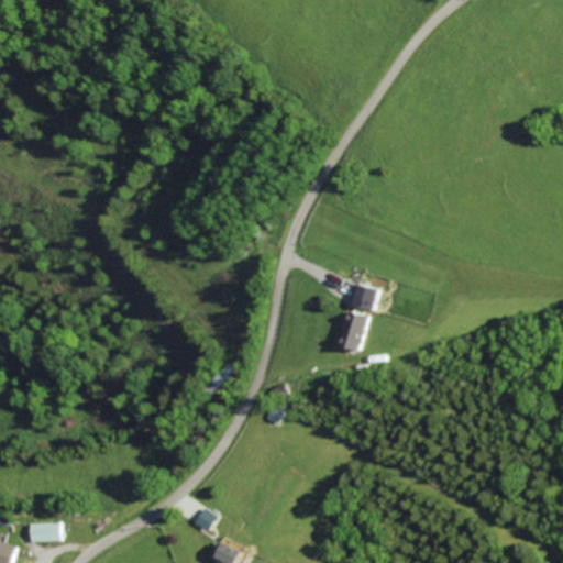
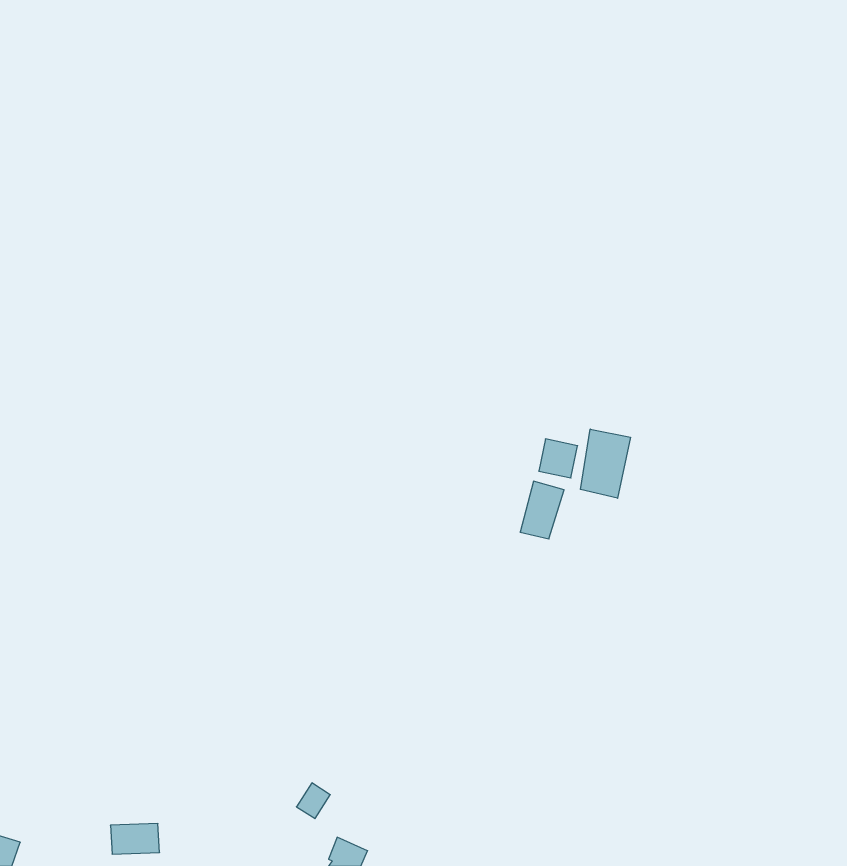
building: none -> [580,429,630,498]
building: [29,522,60,542] -> [110,824,160,854]

